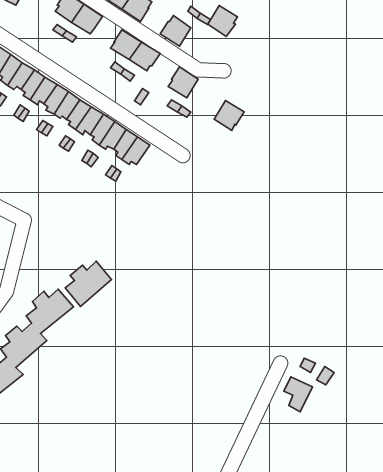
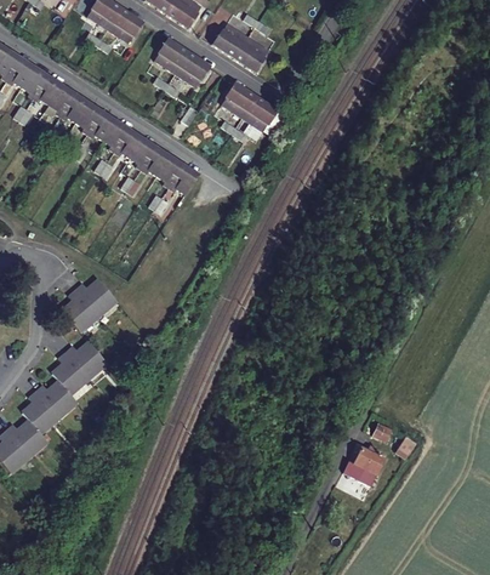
building: [208,6,238,36] -> [233,35,268,72]
building: [214,101,244,130] -> [241,96,277,131]
building: [65,261,111,306] -> [63,279,118,332]

